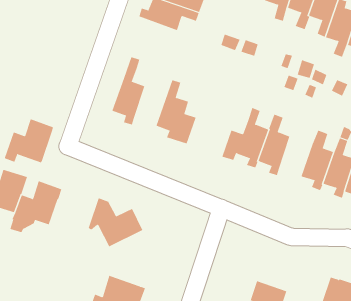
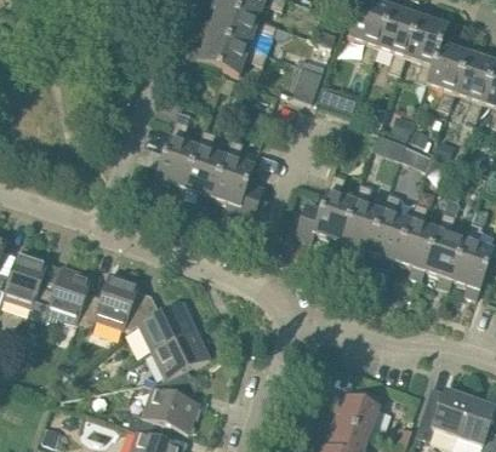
building: none -> [184,127,226,205]
building: [4,119,54,163] -> [76,271,139,328]
building: none -> [369,189,410,269]
building: none -> [152,328,210,400]

